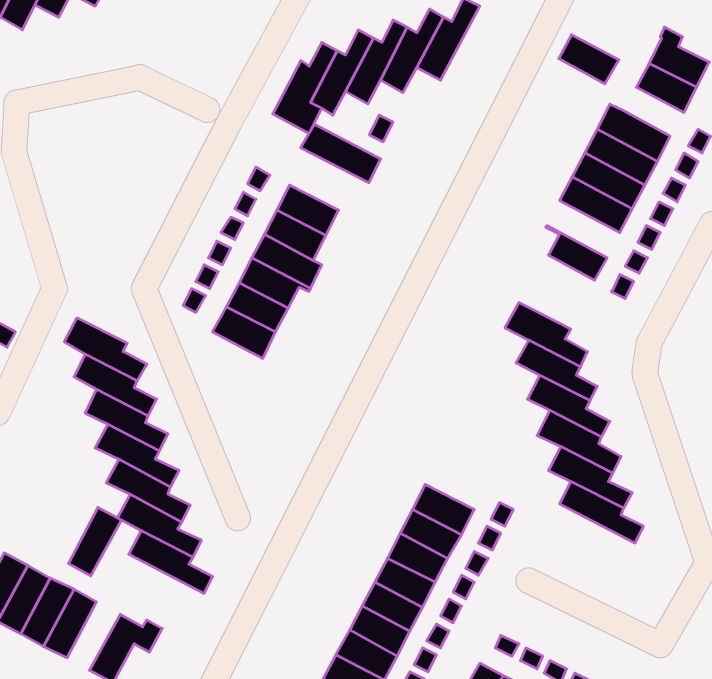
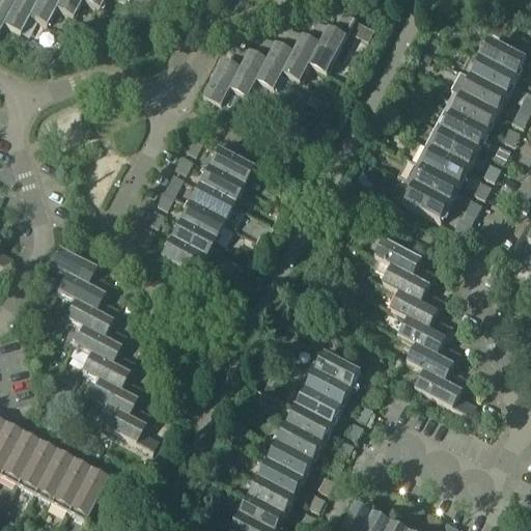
building: [559,35,619,84] -> [463,76,507,112]
building: [301,124,381,183] -> none
building: none -> [406,160,459,202]
building: none -> [308,348,361,389]
building: [68,507,122,576] -> [50,457,89,508]

